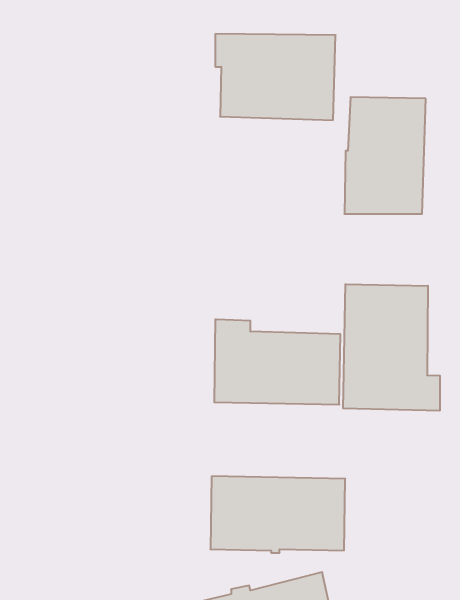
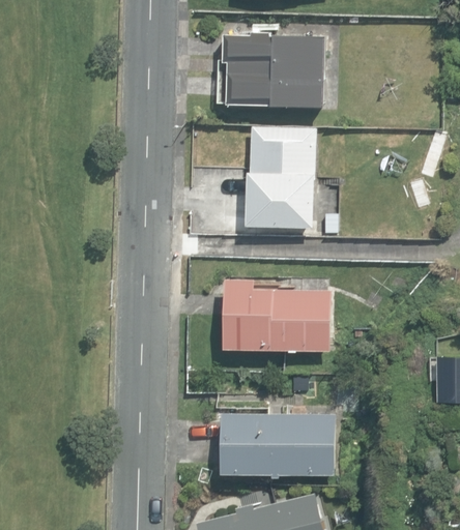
building: [344,97,426,214] -> [245,127,314,227]
building: [343,284,440,411] -> none

